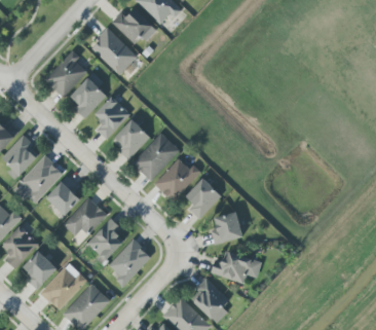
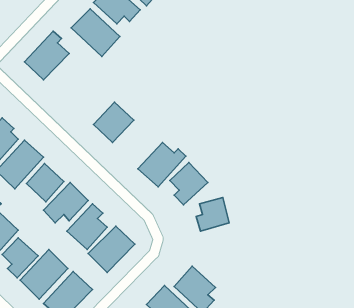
building: [70,78,106,118] -> none
building: [95,97,130,140] -> none
building: [131,133,180,181] -> none
building: [211,251,262,284] -> none

